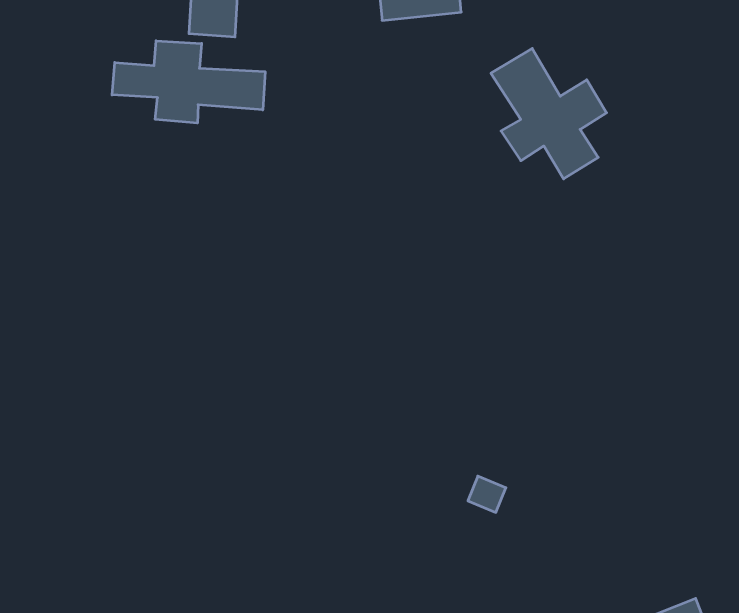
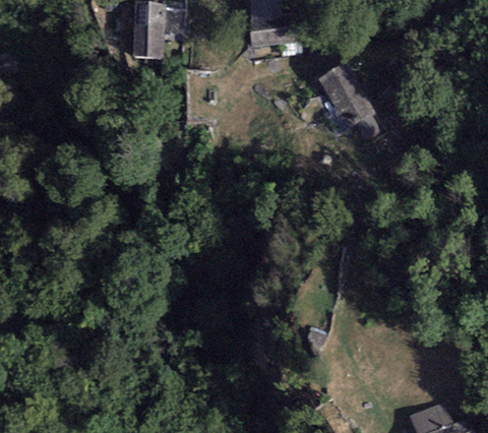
building: [112,41,265,123] -> none

